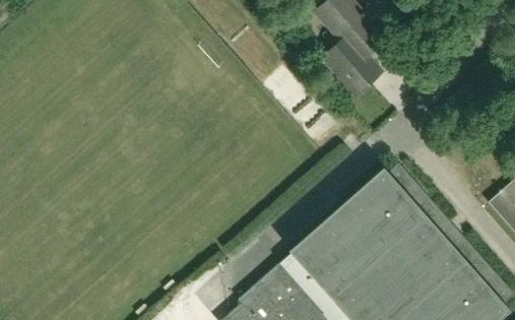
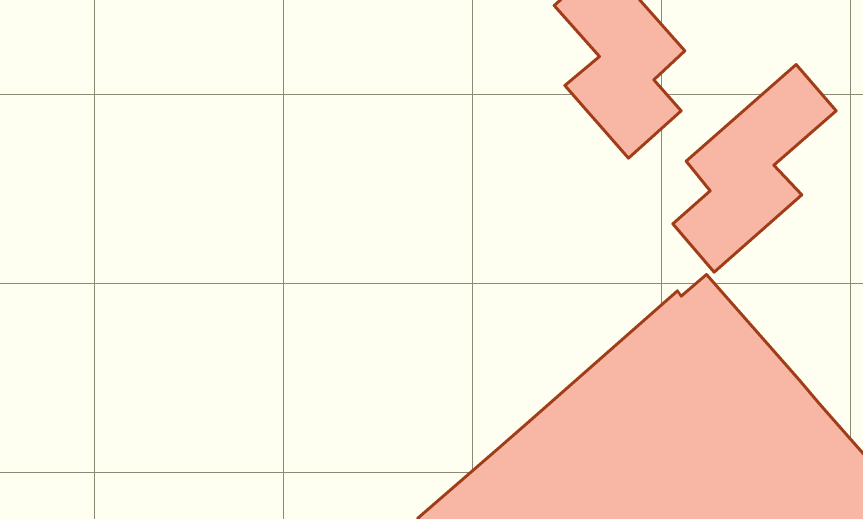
building: none -> [673,64,836,272]

